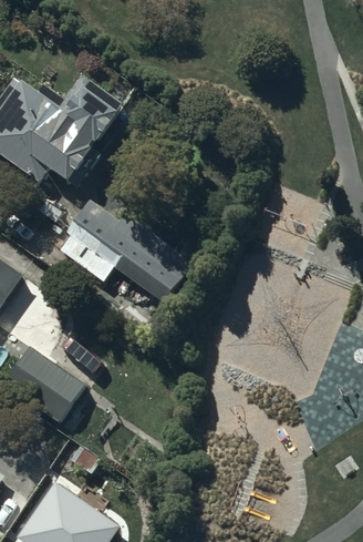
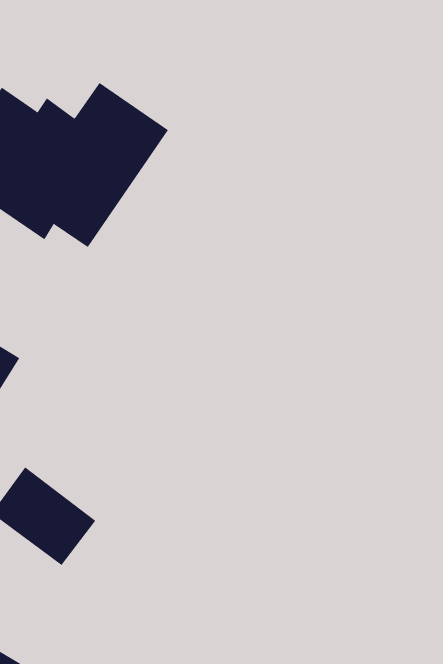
building: [59,193,189,299] -> none

